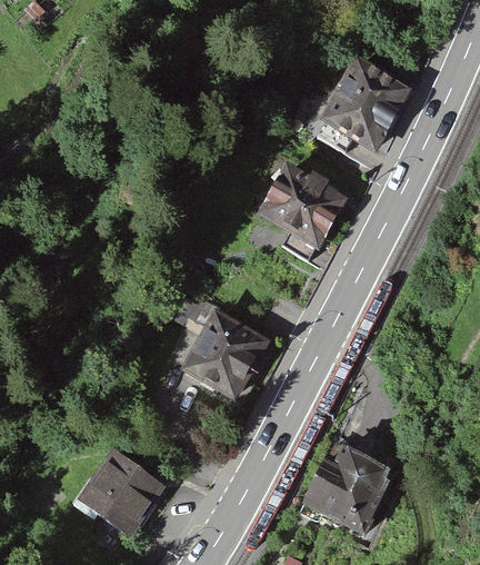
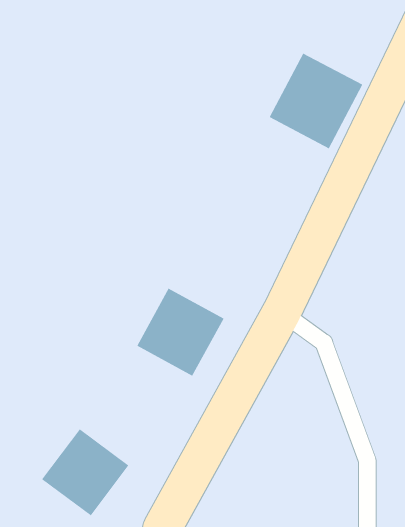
building: [253,159,349,259] -> none
building: [302,450,396,533] -> none

